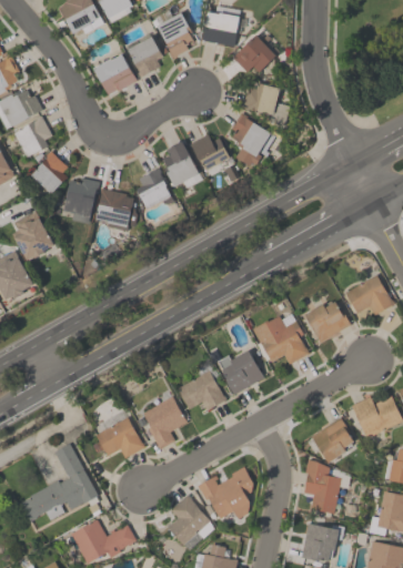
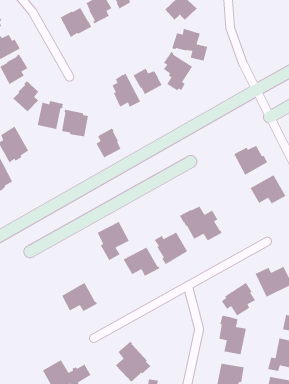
building: [135,168,170,209] -> [95,127,121,158]
building: [304,302,351,343] -> [233,145,268,176]
building: [142,396,187,449] -> [96,221,130,261]
building: [20,444,98,521] -> none
building: [197,466,253,519] -> none

